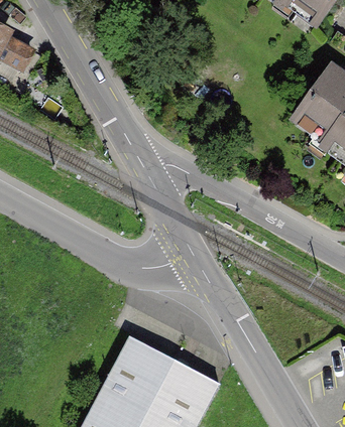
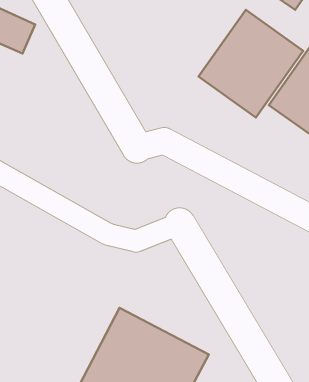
building: none -> [198,10,303,117]

